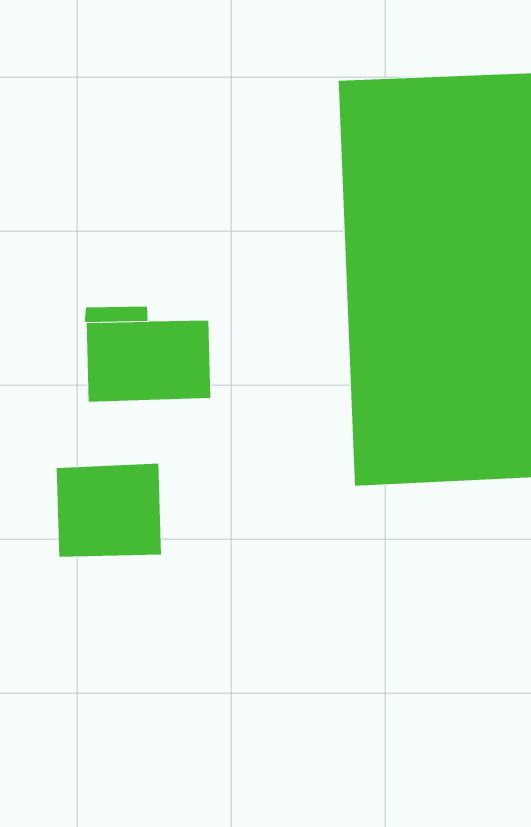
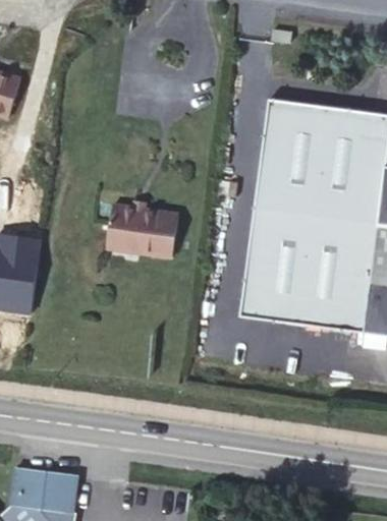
building: [56,463,161,557] -> none

